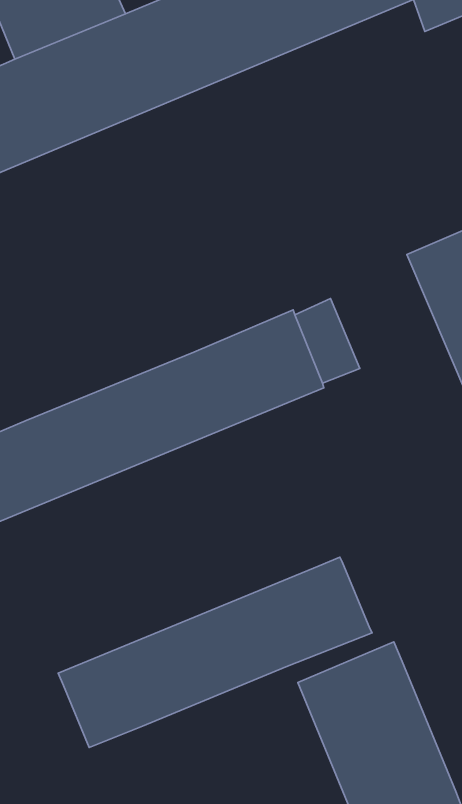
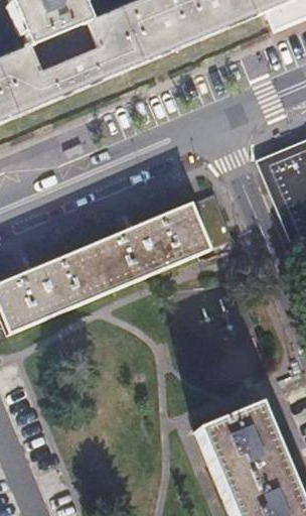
building: [58,557,372,748] -> none

